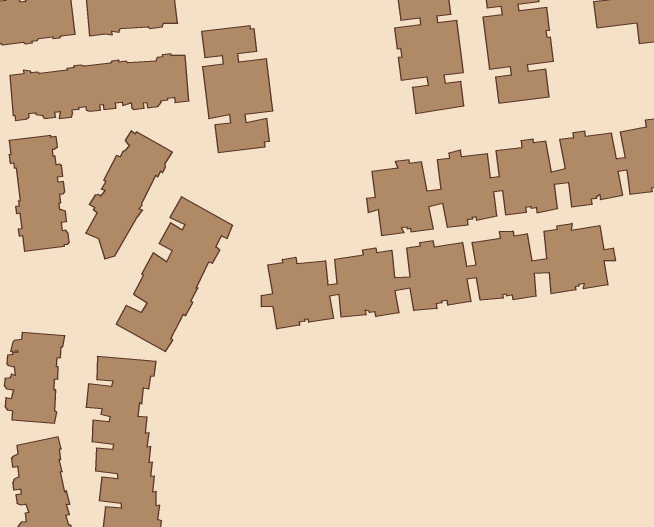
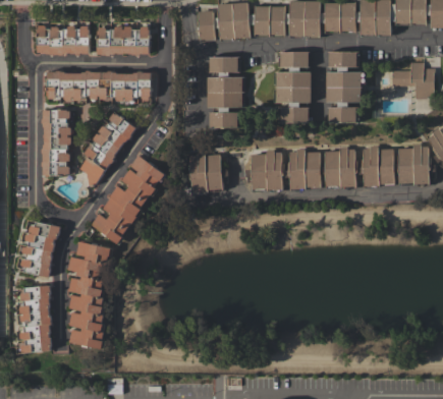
building: [202,26,273,153] -> [207,57,244,128]
building: none -> [188,153,227,193]
building: [261,223,615,329] -> none

